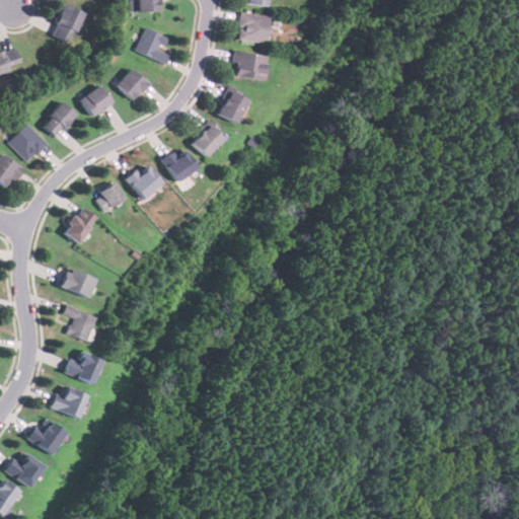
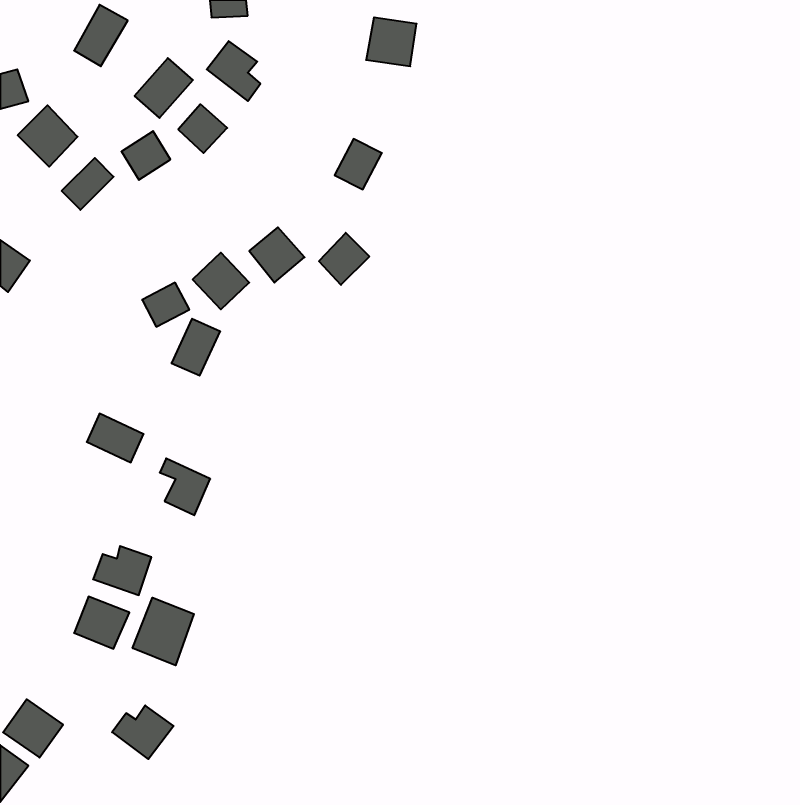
building: none -> [135,58,193,118]
building: [234,51,269,79] -> none
building: [9,124,48,163] -> [18,105,78,167]
building: [194,124,226,157] -> [319,233,369,285]
building: [64,207,95,243] -> [171,319,220,376]
building: [65,305,97,342] -> [160,458,210,515]
building: none -> [133,598,194,665]
building: [28,421,68,455] -> [112,705,174,759]

